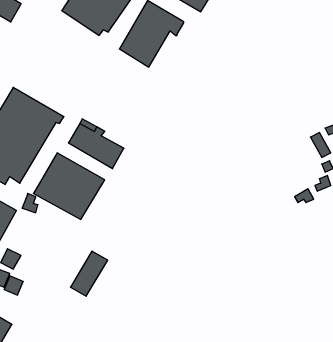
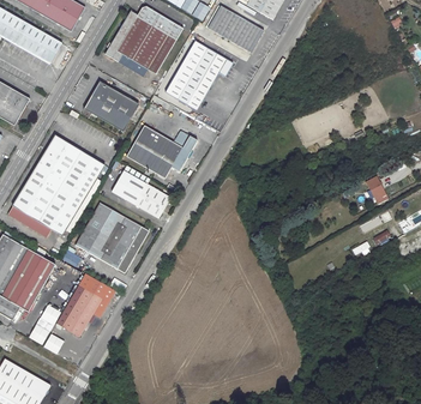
building: none -> [85,79,140,129]
building: none -> [127,114,198,177]
building: [70,251,108,296] -> [62,288,102,336]

